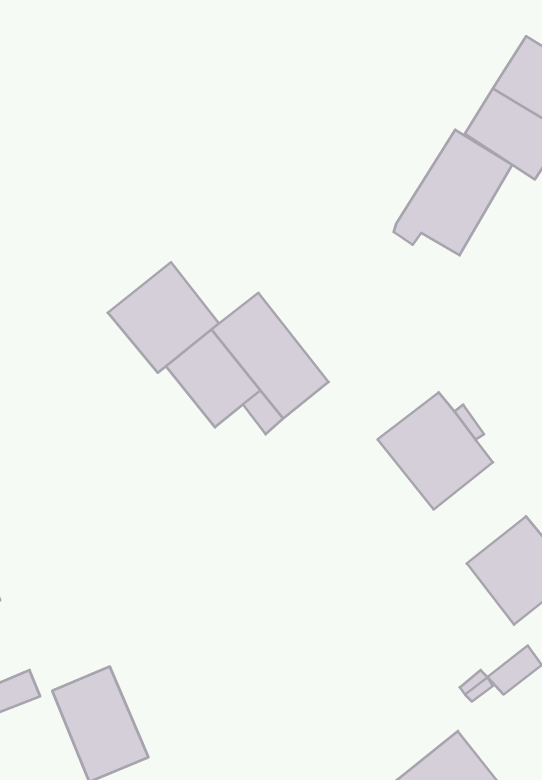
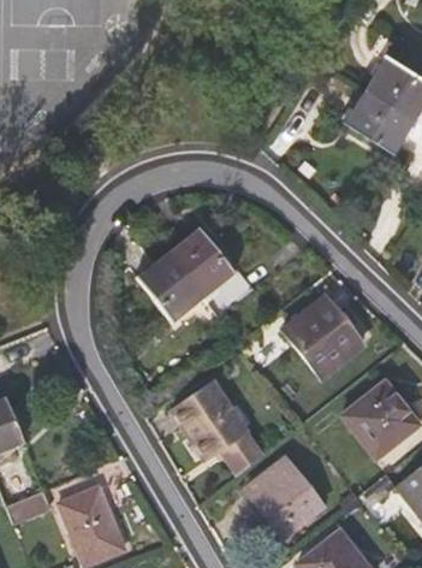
building: [394,130,512,255] -> none
building: [108,262,219,373] -> none
building: none -> [171,380,266,473]
building: none -> [245,461,319,537]

